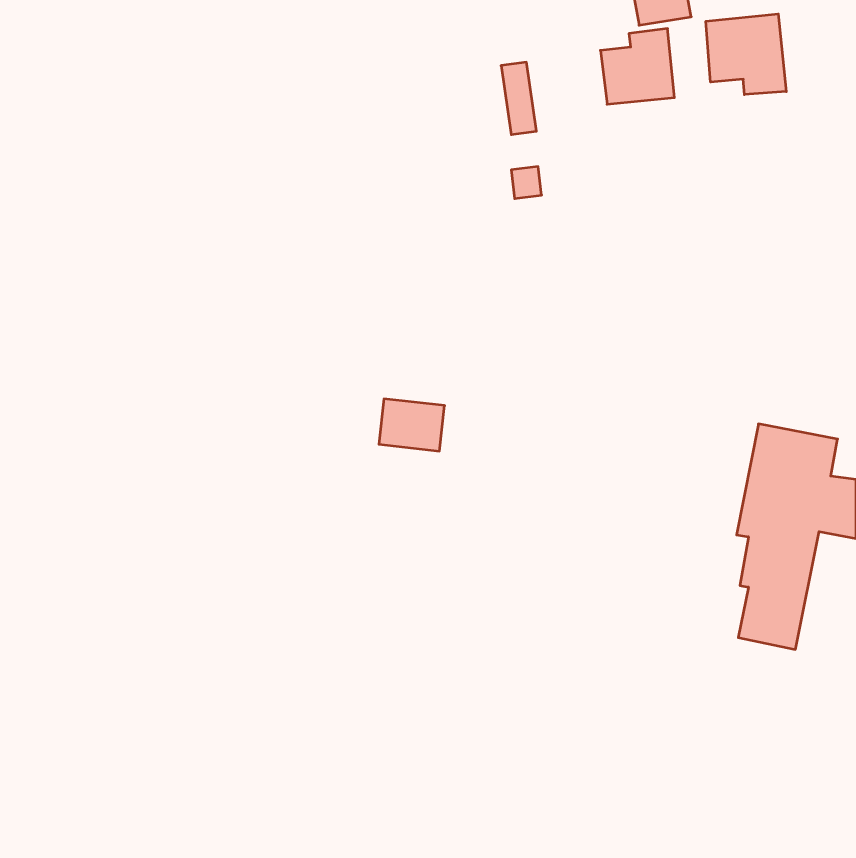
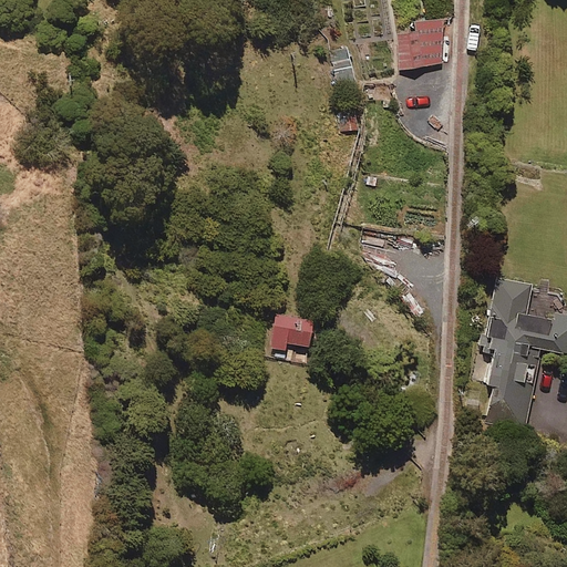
building: [706,14,786,95] -> none
building: [379,399,445,451] -> [270,311,313,346]

